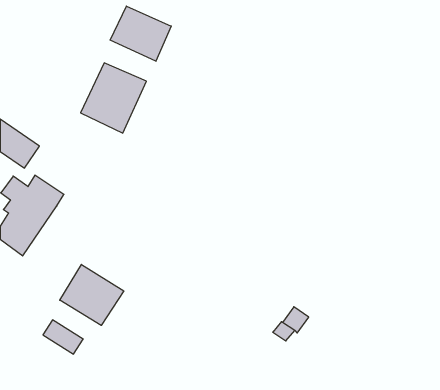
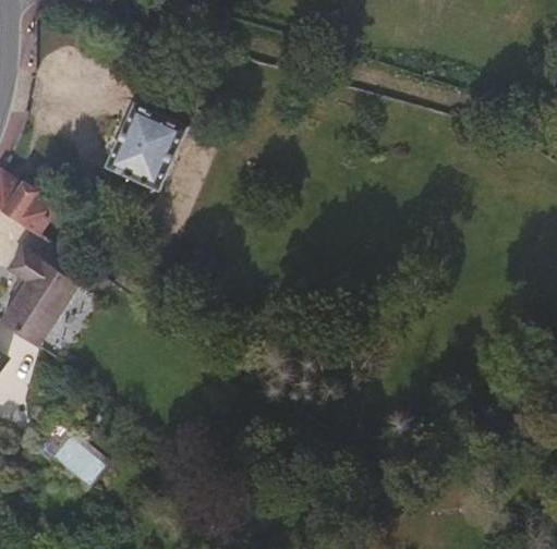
building: [110,6,171,61] -> none
building: [60,264,124,325] -> none

